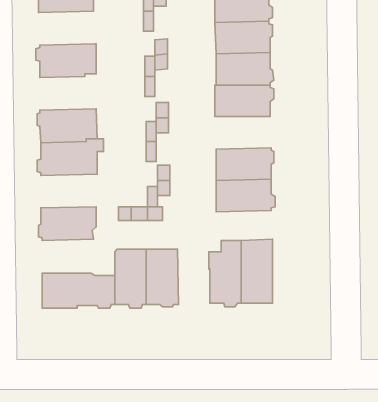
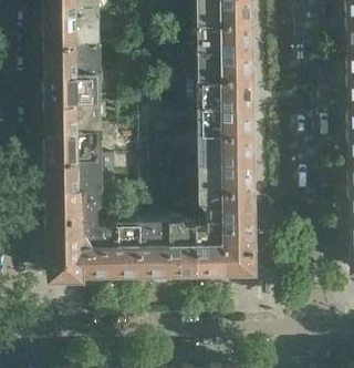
building: none -> [42,13,94,43]
building: none -> [43,69,101,101]
building: none -> [200,106,252,135]
building: none -> [43,157,96,187]
building: none -> [201,190,253,216]
building: none -> [44,215,112,247]
building: none -> [167,223,196,275]

